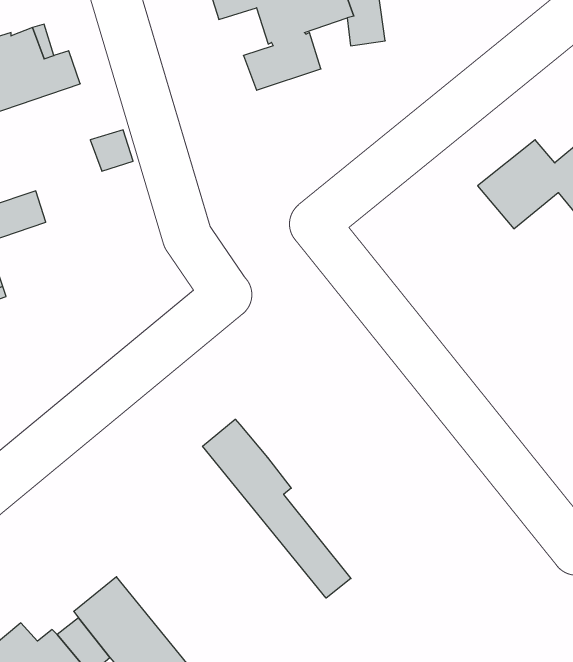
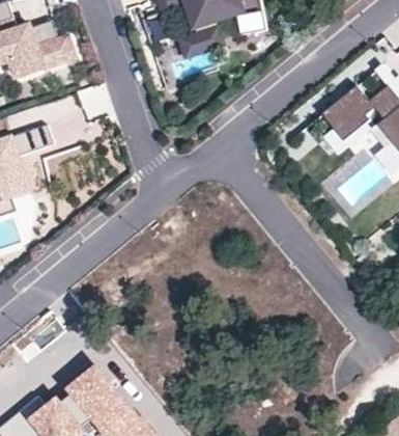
building: [203,419,351,598] -> none

